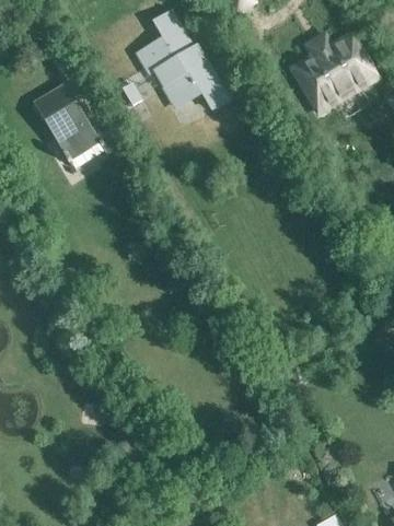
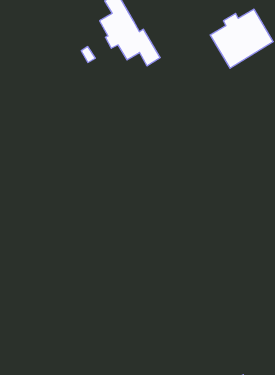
building: [33,85,123,166] -> none

